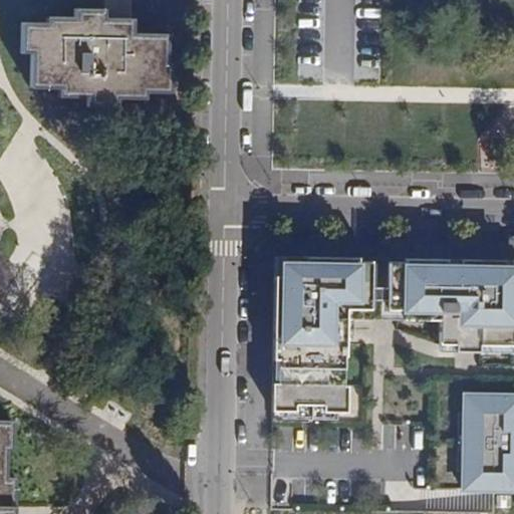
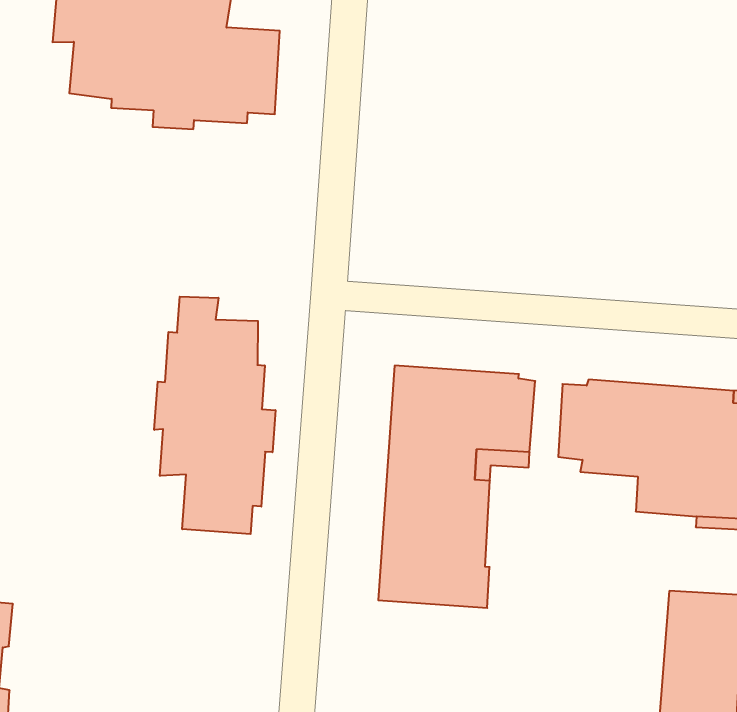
building: none -> [154,297,275,534]

